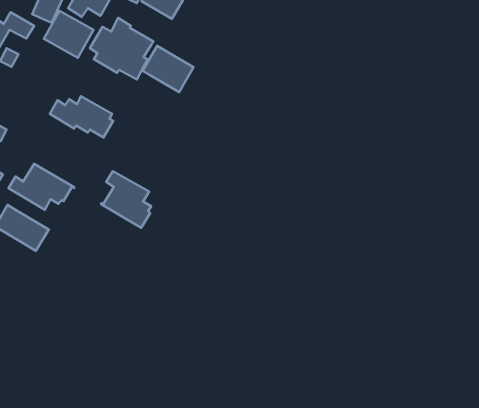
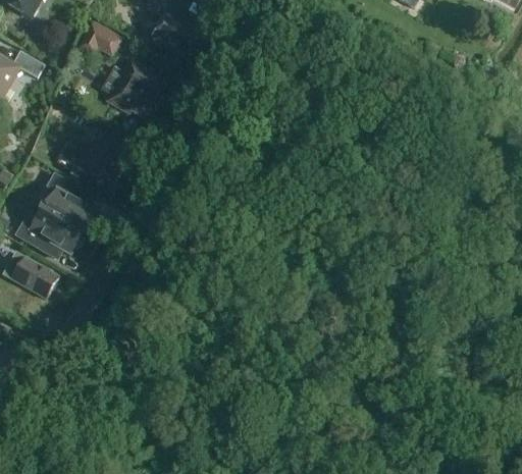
building: [44,11,93,58] -> none
building: [142,46,194,92] -> none
building: [101,171,151,228] -> [43,172,95,231]

